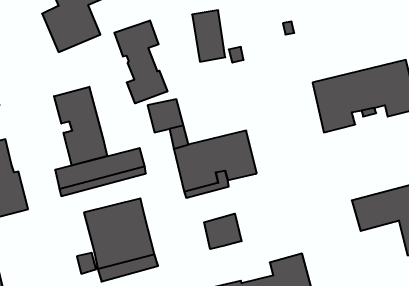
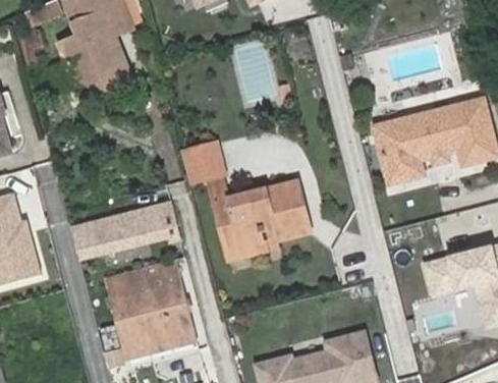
building: [114,20,167,103] -> none
building: [54,87,107,166] -> none
building: [204,214,242,249] -> none

